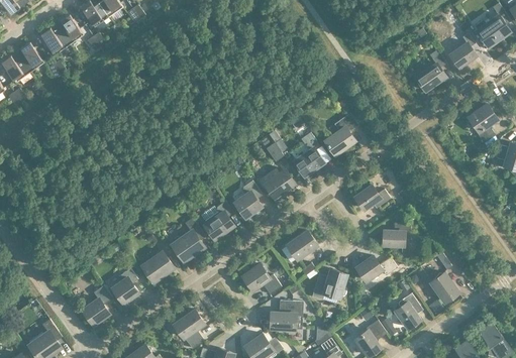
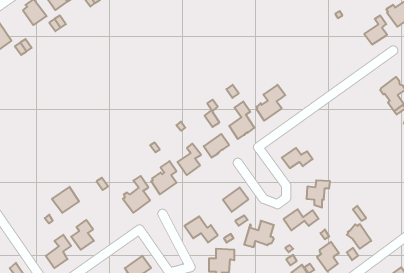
building: [40,28,69,55] -> none
building: [416,50,446,92] -> none
building: [141,252,173,282] -> [52,187,79,213]

